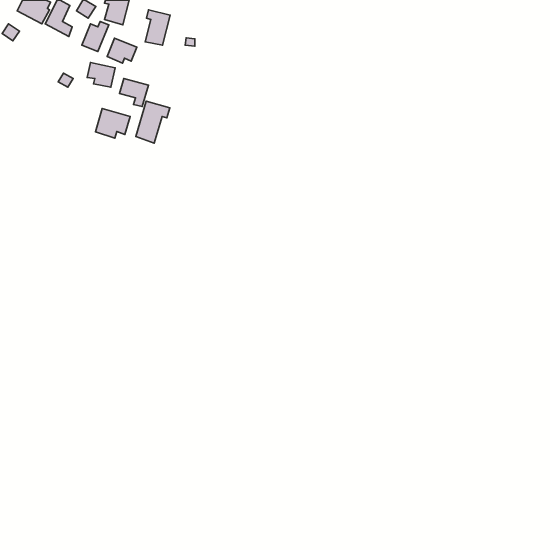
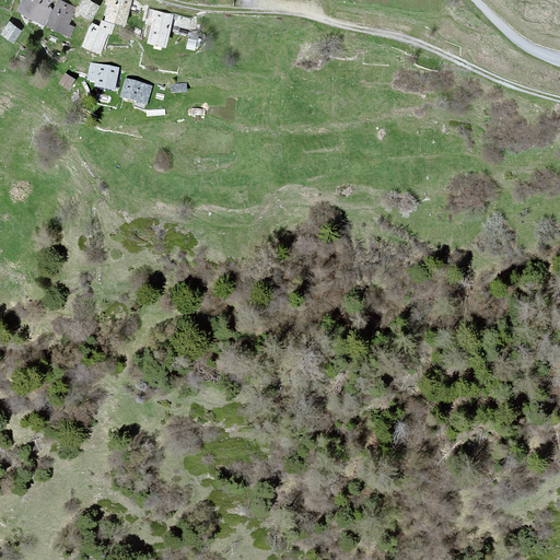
building: [107,38,137,63] -> none
building: [136,101,170,143] -> none
building: [96,108,130,138] -> none

